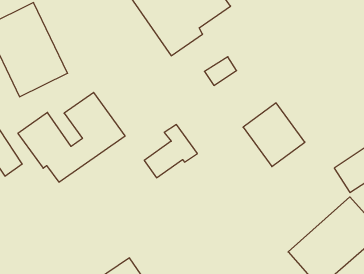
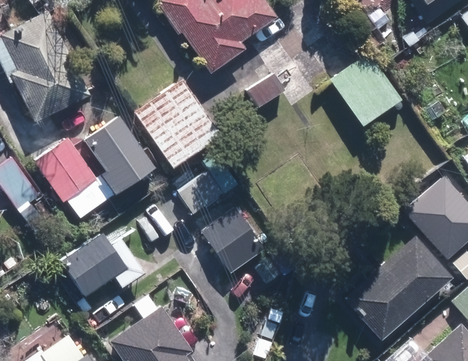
building: none -> [135,78,222,167]
building: [243,103,305,167] -> [330,53,401,126]
building: none -> [202,208,264,272]
building: none -> [62,233,128,296]

